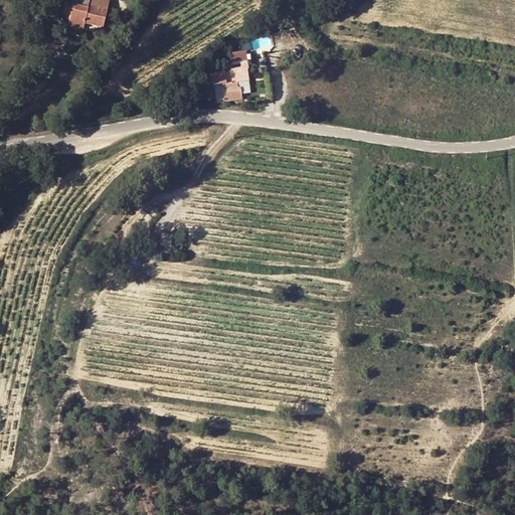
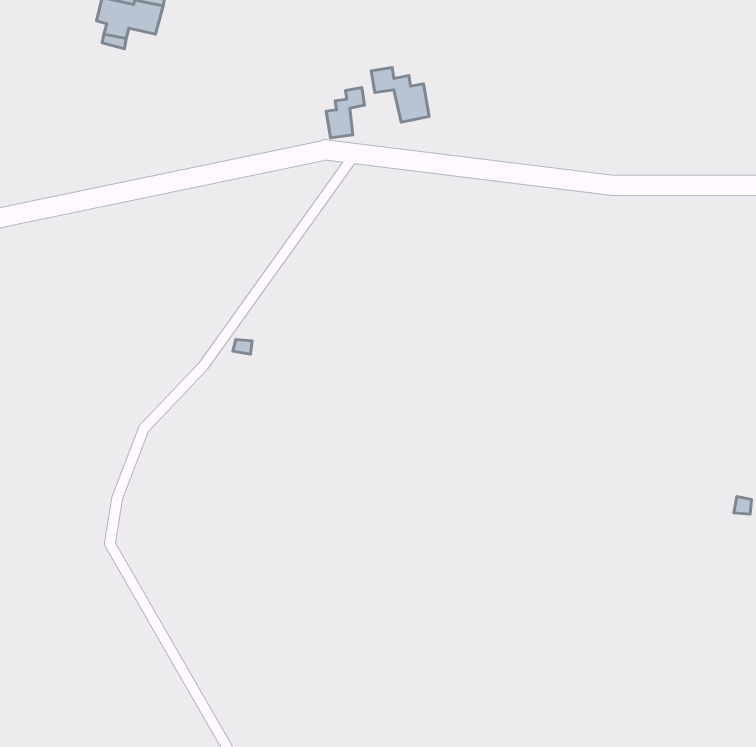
building: none -> [371,68,429,122]

